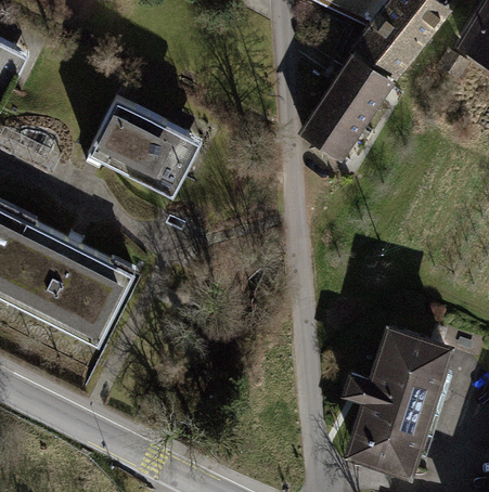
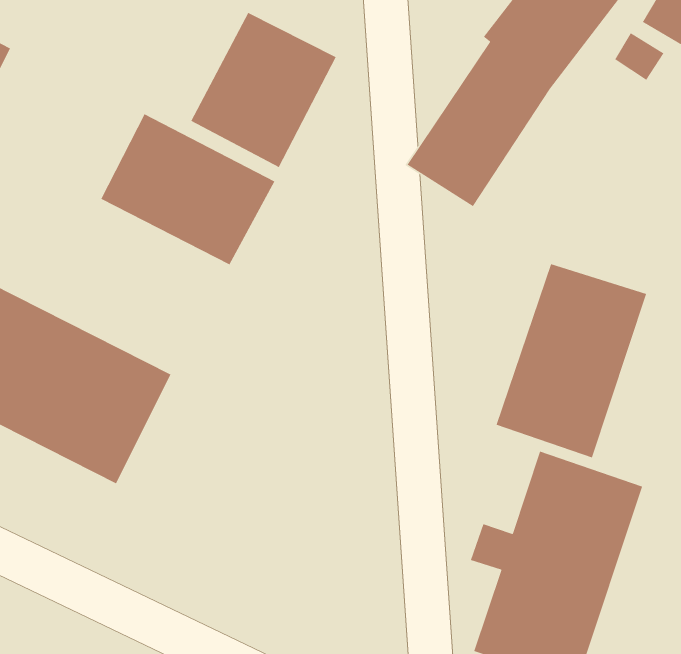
building: none -> [190,12,337,168]
building: none -> [496,263,647,458]

